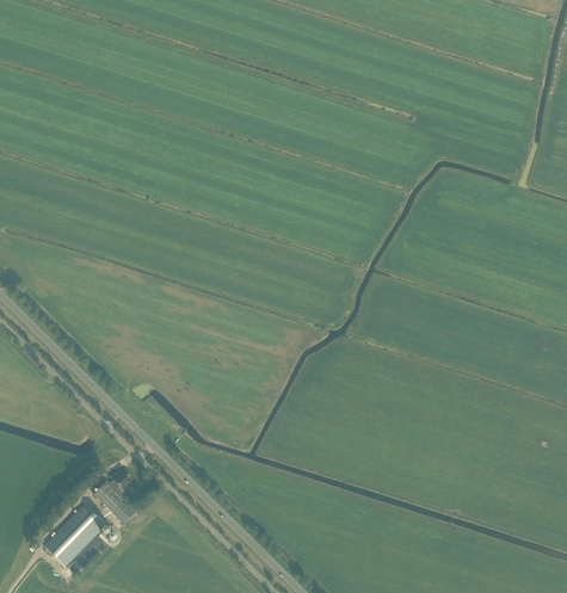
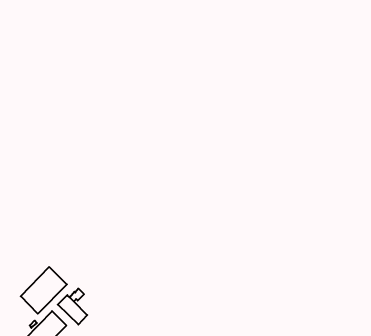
building: none -> [21,267,67,314]

